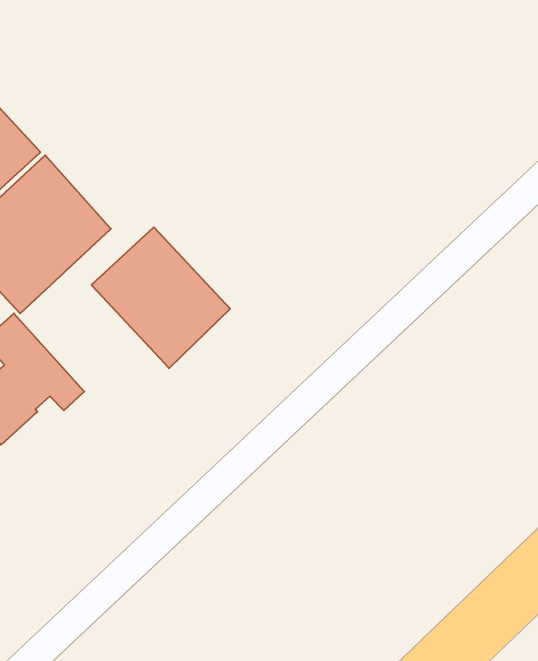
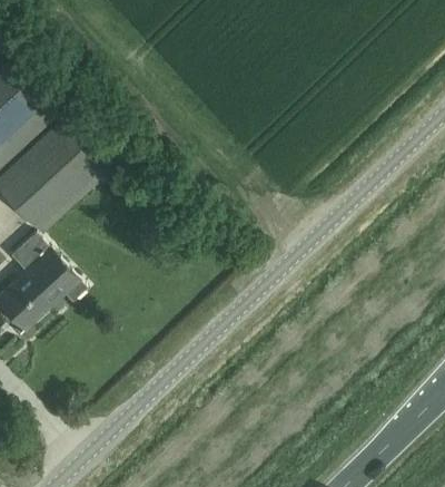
building: [92,227,230,368] -> none

